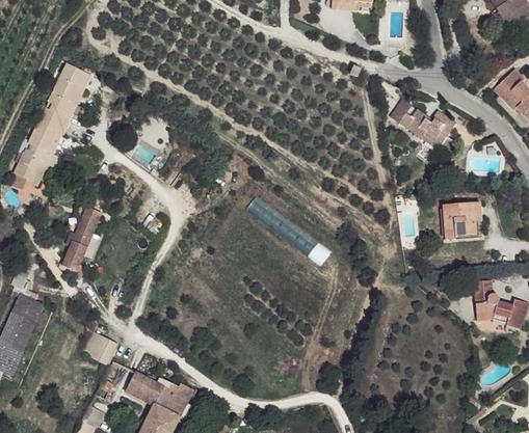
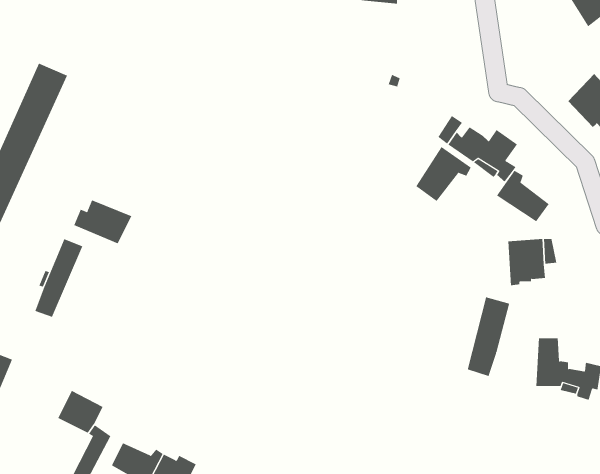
building: none -> [415,146,472,202]
building: none -> [496,170,549,222]
building: none -> [73,200,132,244]
building: none -> [467,296,510,377]

